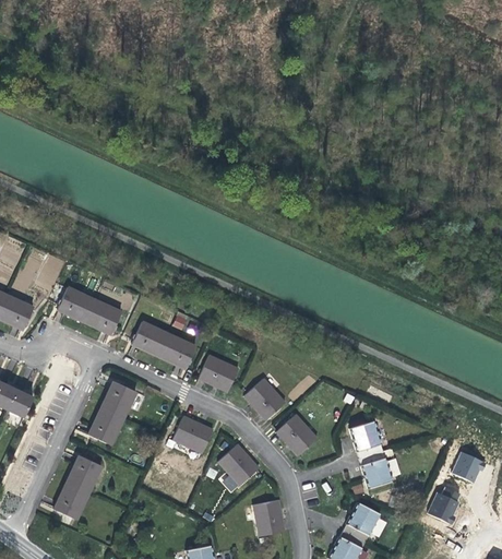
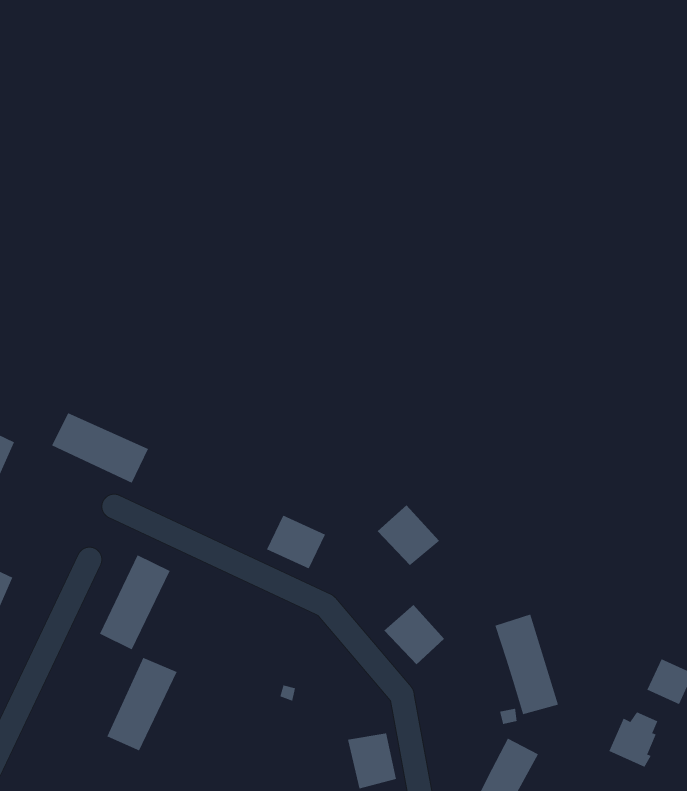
building: [133,321,196,368] -> none
building: [244,378,286,418] -> [377,505,440,566]
building: [174,415,214,453] -> none
building: [219,443,260,485] -> none
building: [55,455,101,518] -> [107,657,178,751]

